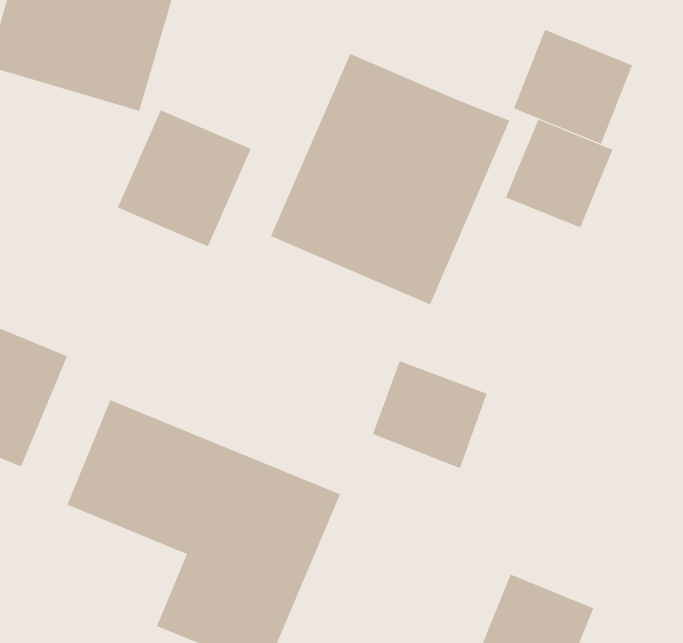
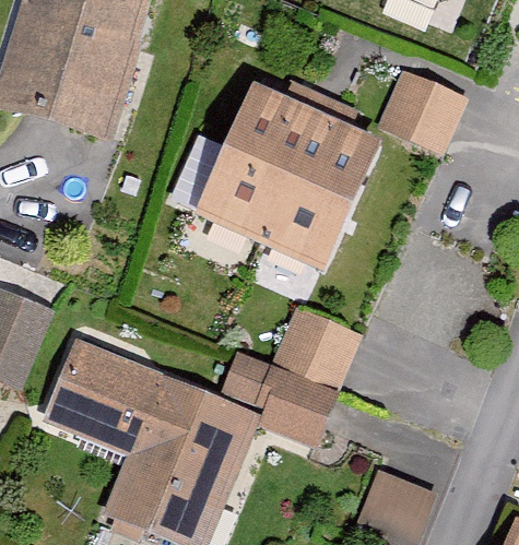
building: [117,109,252,247] -> none
building: [505,119,613,228] -> none
building: none -> [255,365,340,442]

